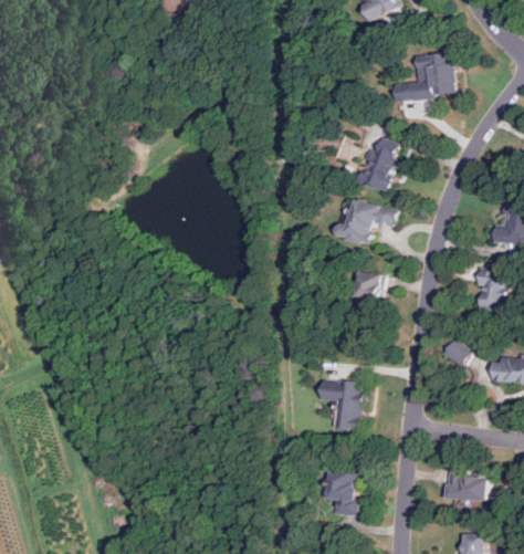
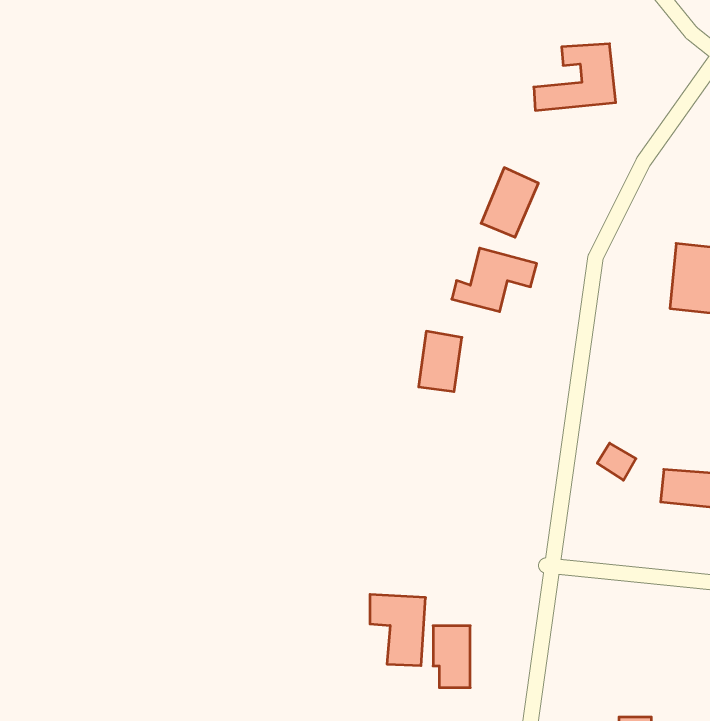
building: [354,270,385,313] -> [419,331,462,392]
building: [476,271,505,310] -> none
building: [324,378,364,429] -> [370,594,426,666]
building: [443,473,484,501] -> none

